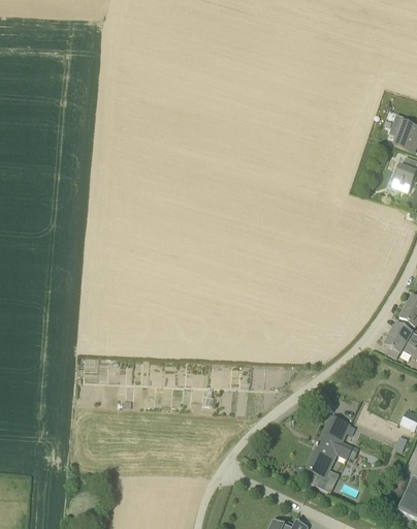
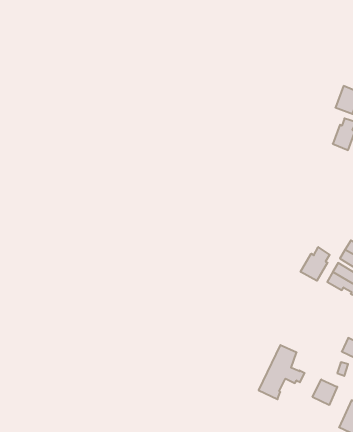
building: none -> [301,247,330,281]
building: none -> [313,379,337,405]

